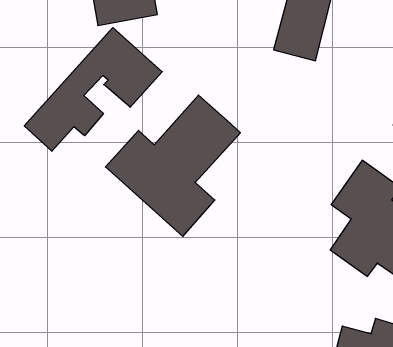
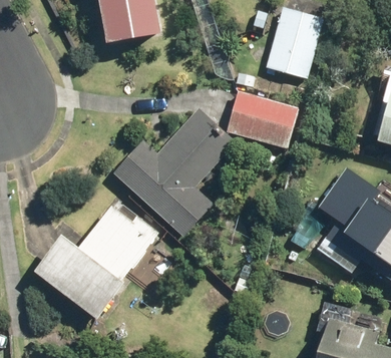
building: [24,28,162,151] -> none
building: none -> [227,90,298,147]
building: none -> [33,206,158,320]

